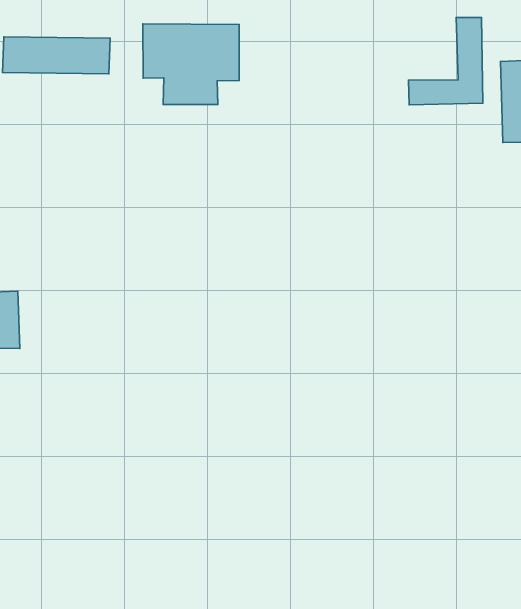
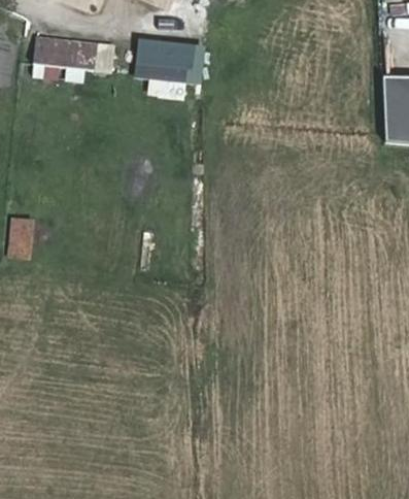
building: [409,17,483,105] -> none

